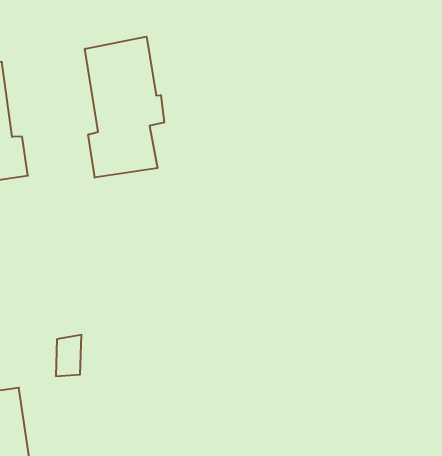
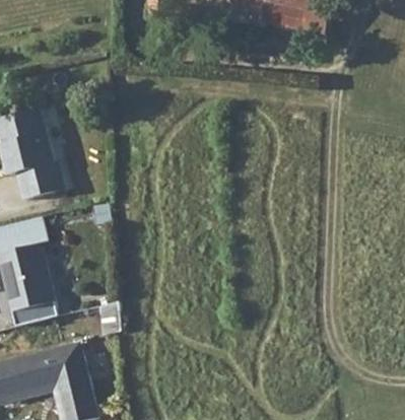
building: [85,37,164,178] -> none

